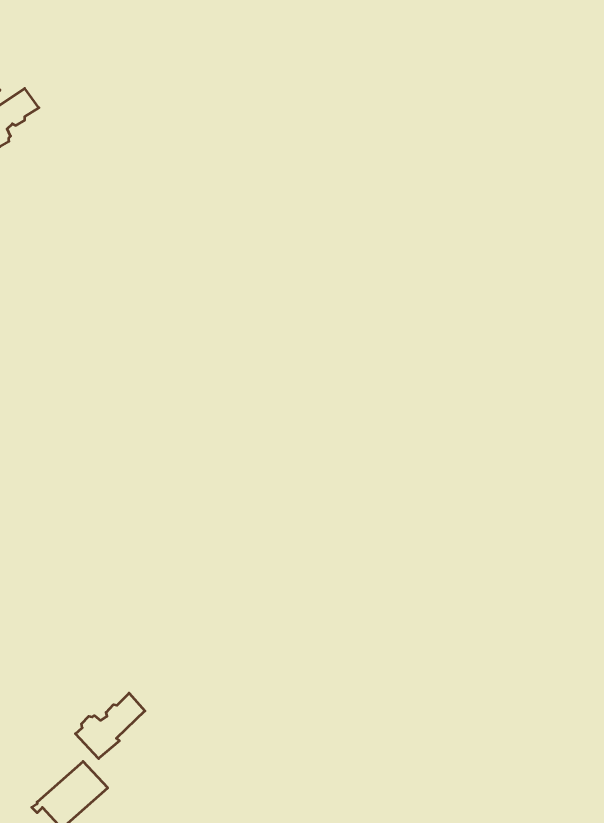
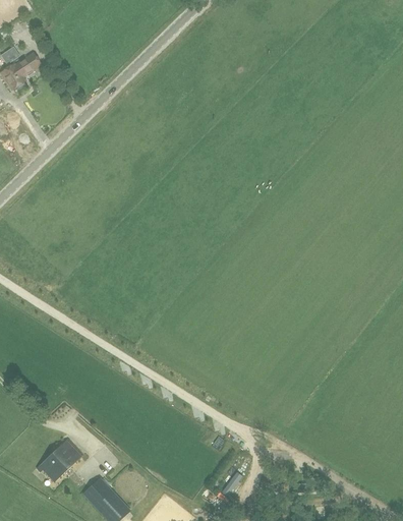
building: [75,693,145,759] -> none

